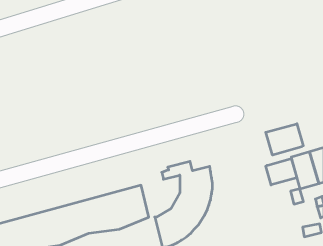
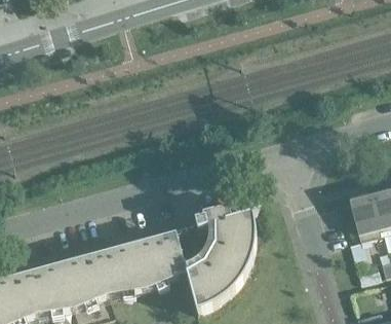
building: [266,124,303,155] -> none
building: [266,158,297,185] -> none

